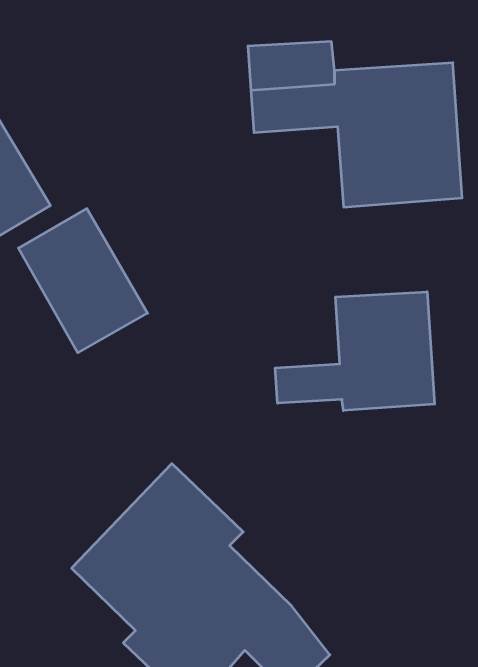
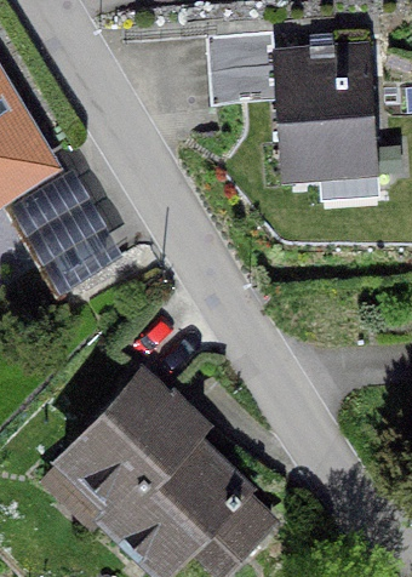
building: [275,292,435,411] -> none

